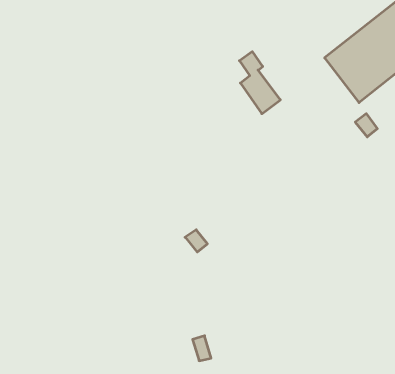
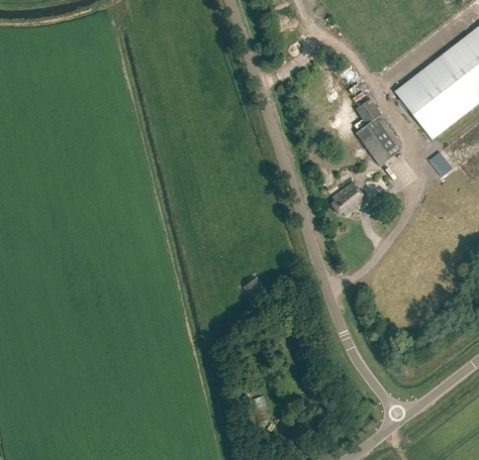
building: [239,52,280,114] -> [355,98,399,165]
building: none -> [330,182,365,215]

